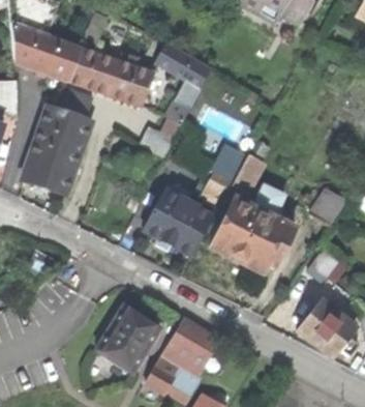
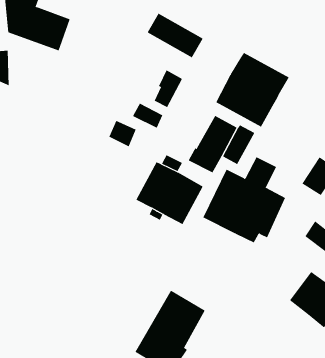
building: [67,48,154,106] -> none
building: none -> [215,52,290,128]
building: [22,90,93,194] -> none
building: [92,304,155,372] -> none

